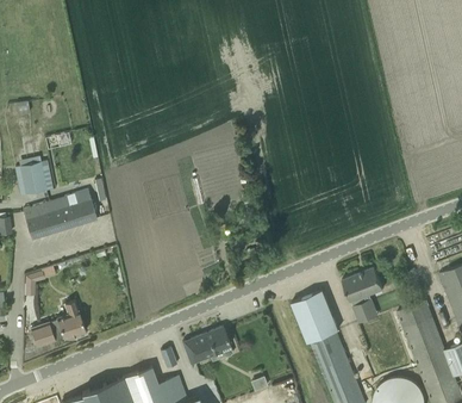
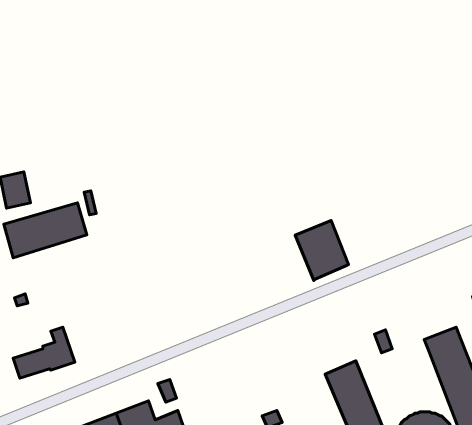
building: [343,267,383,302] -> none
building: [292,290,339,343] -> [295,220,349,281]
building: [183,326,231,364] -> none

